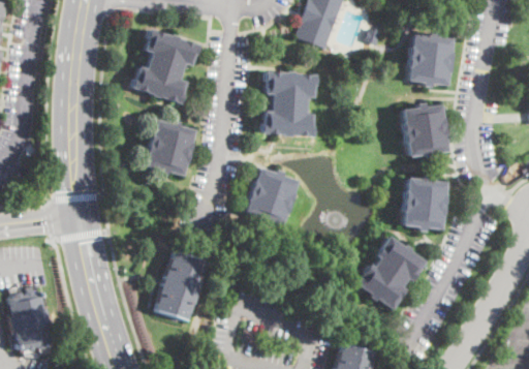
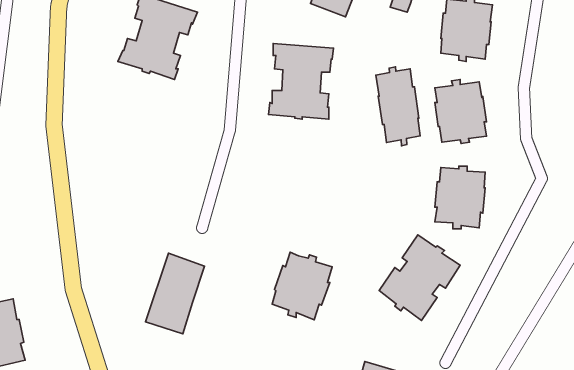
building: none -> [376,67,420,146]
building: [146,120,195,175] -> none
building: [246,167,298,225] -> [272,252,332,320]

